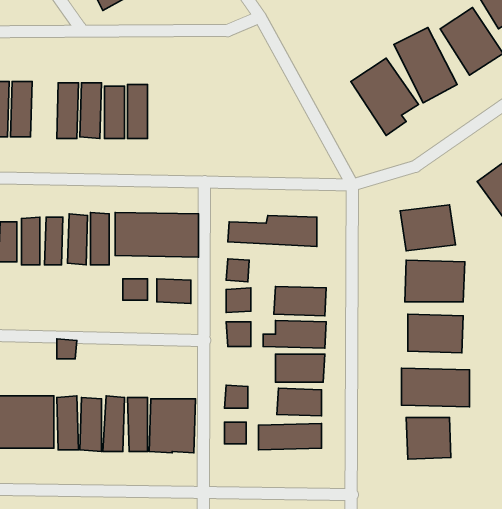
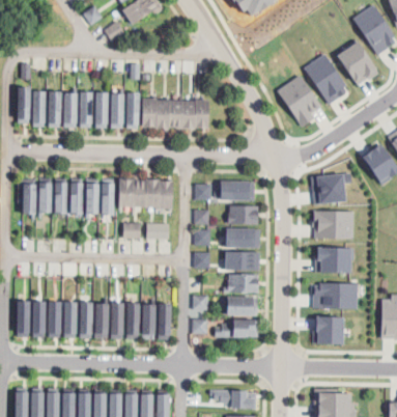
building: none -> [63,92,79,129]
building: none -> [142,100,209,129]
building: none -> [228,205,258,224]

